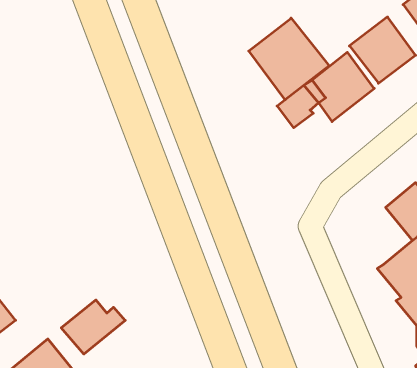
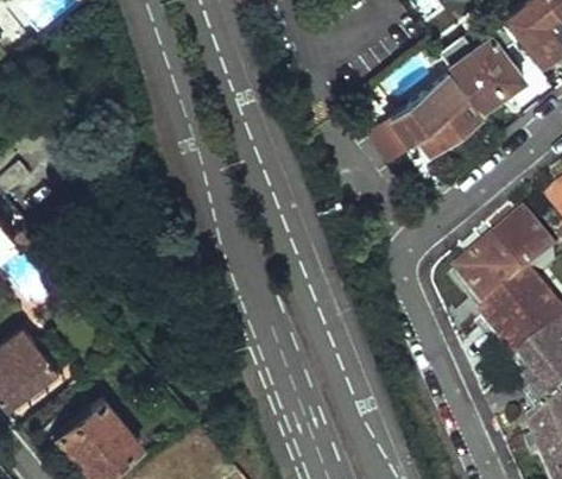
building: [249,18,329,100] -> none
building: none -> [457,251,523,316]
building: [61,300,125,354] -> none

